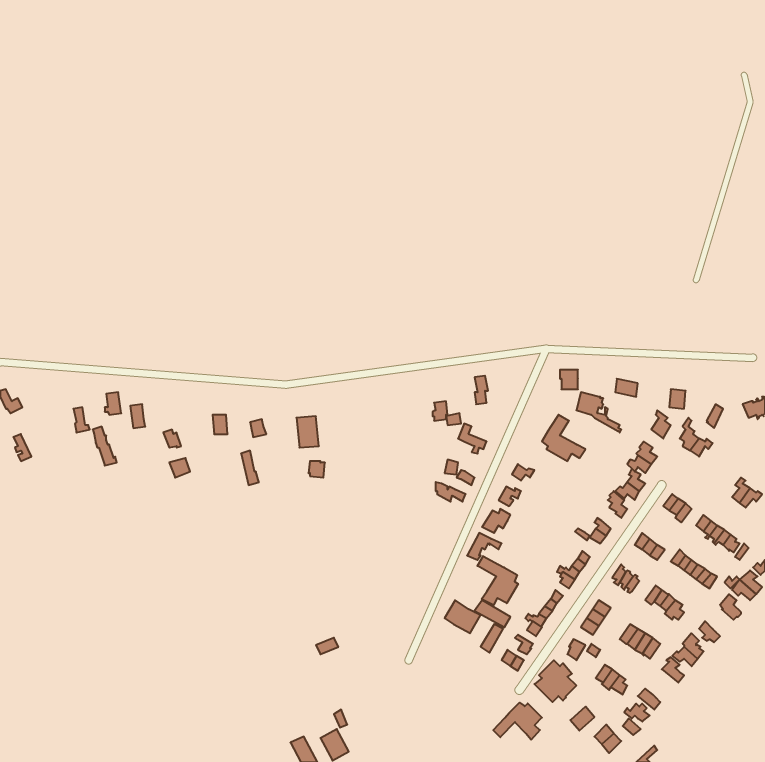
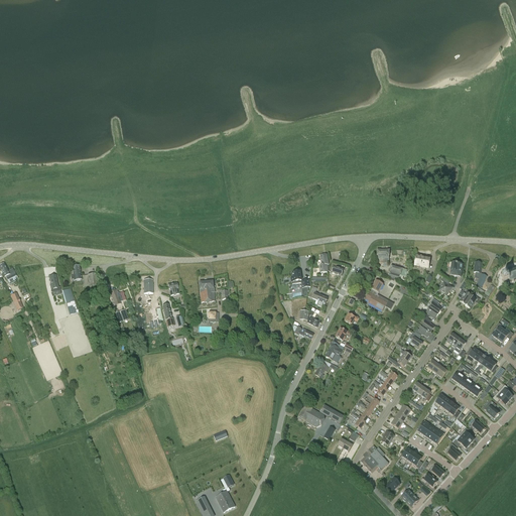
building: [477,556,518,605] -> none
building: [493,703,542,740] -> none

